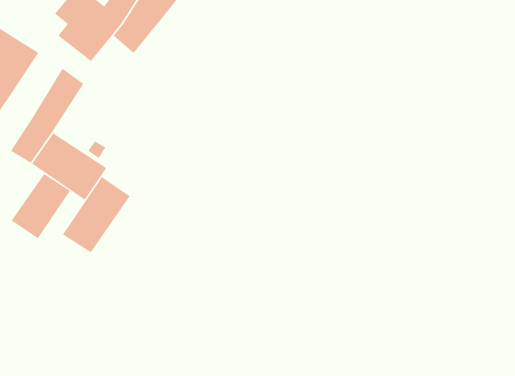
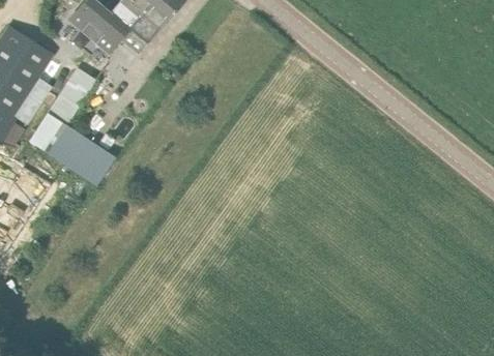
building: [11,173,71,239] -> none
building: [62,176,131,253] -> none

